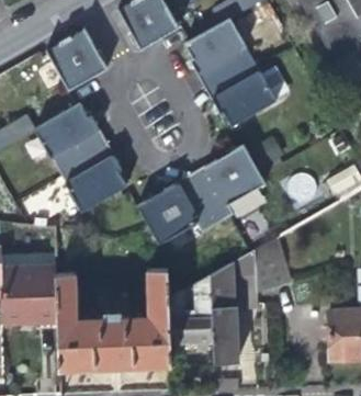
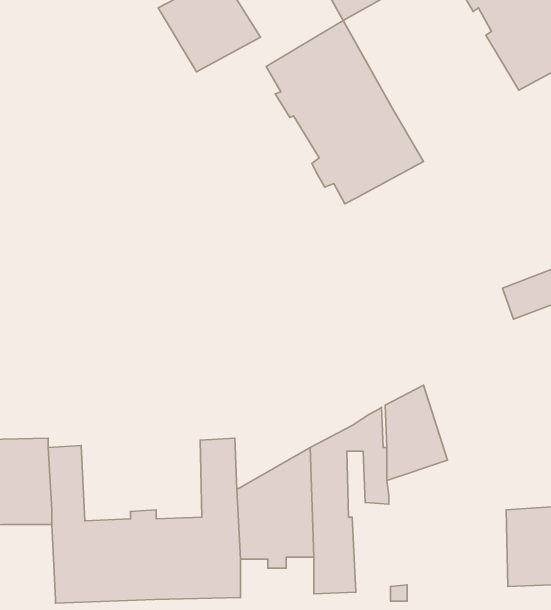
building: [46,30,109,91] -> none
building: [34,104,127,213] -> none
building: [137,146,264,244] -> none

